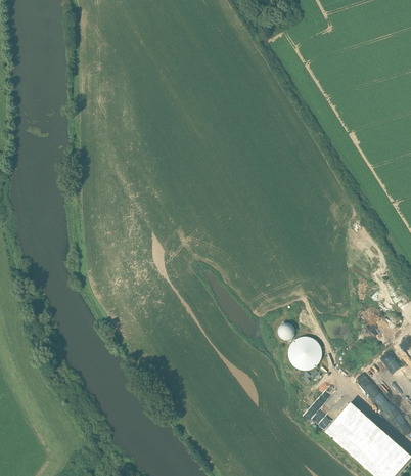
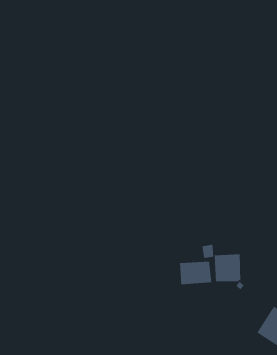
building: none -> [180,261,212,285]

